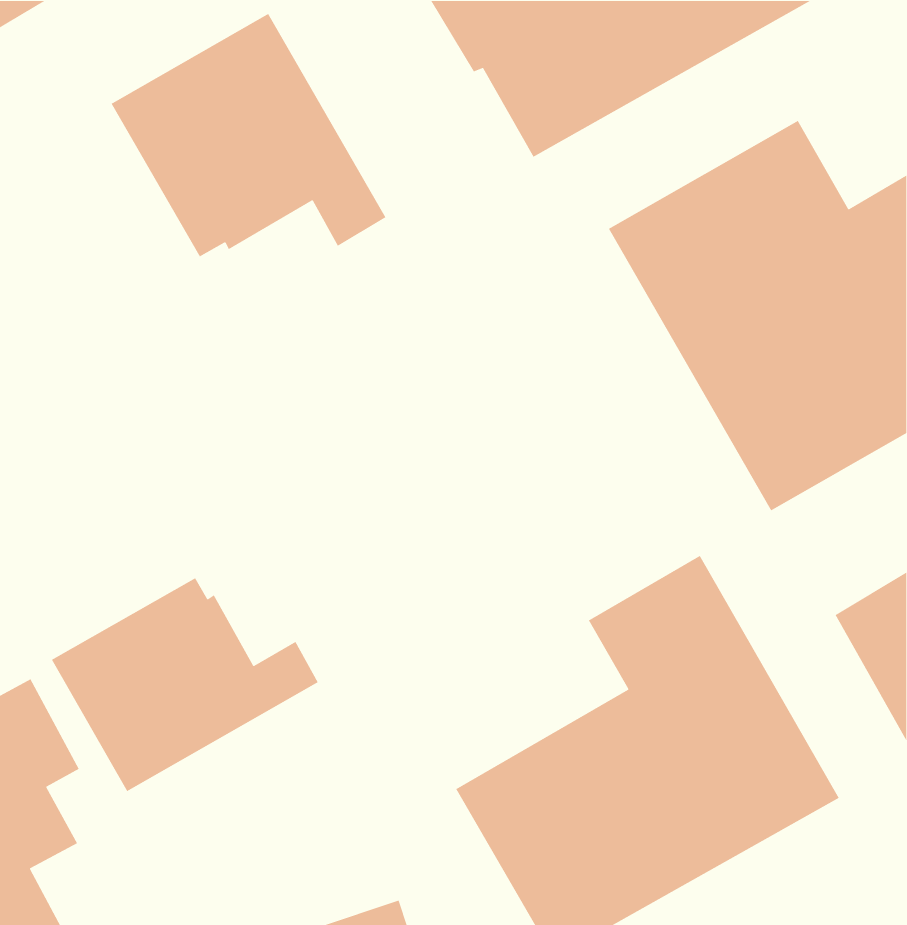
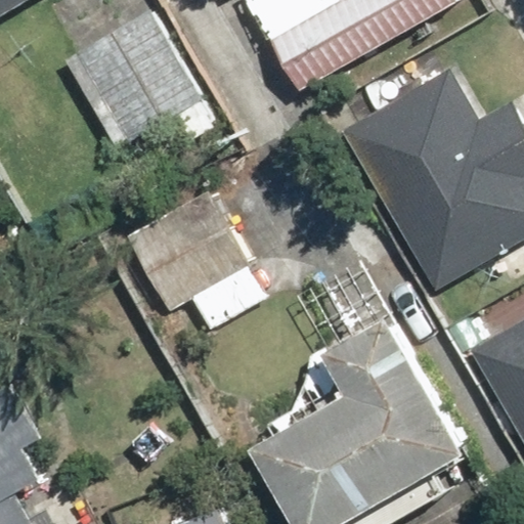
building: none -> [125,190,266,331]
building: [51,577,319,792] -> none

